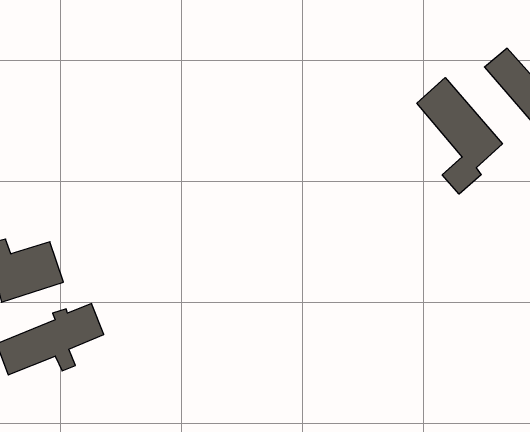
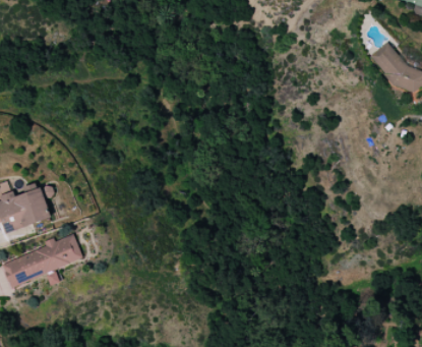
building: [417,78,502,194] -> none

